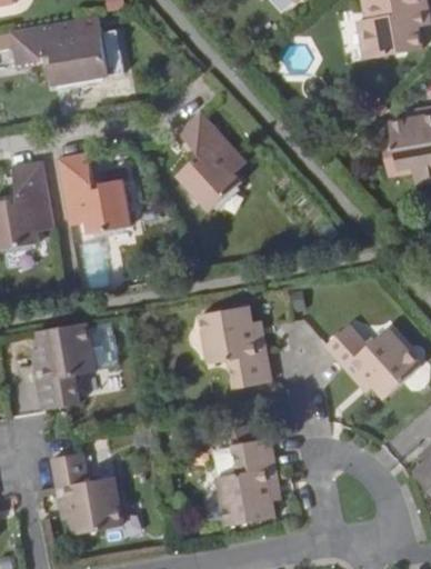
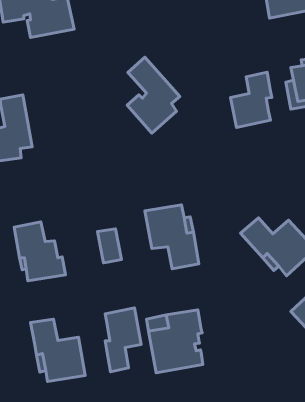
building: none -> [231,72,272,128]
building: [59,152,131,233] -> none
building: [80,328,111,372] -> [98,229,122,263]
building: none -> [105,308,141,372]

